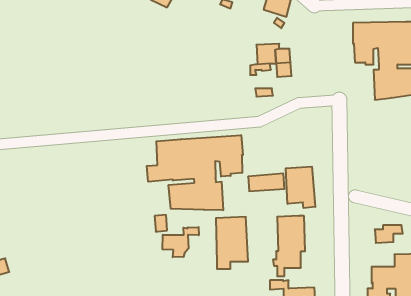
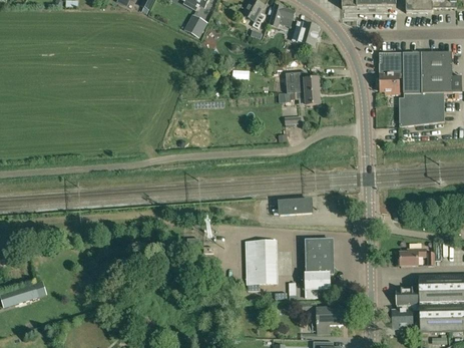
building: [147,135,243,210] -> none
building: [286,167,315,208] -> none
building: [162,227,199,257] -> none

